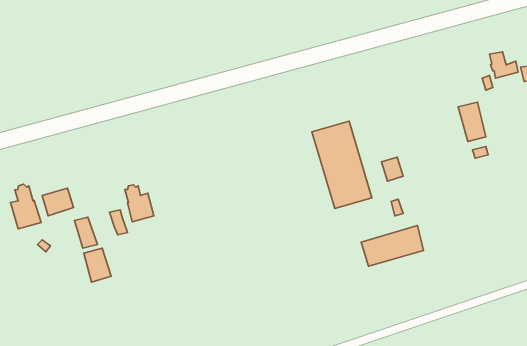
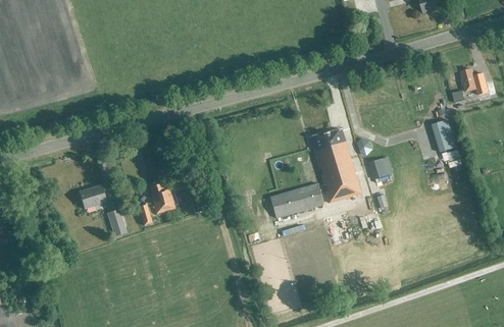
building: [10,184,41,229] -> none
building: [361,225,424,266] -> [269,183,322,218]
building: [84,248,111,282] -> none

